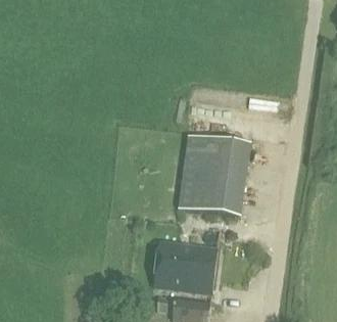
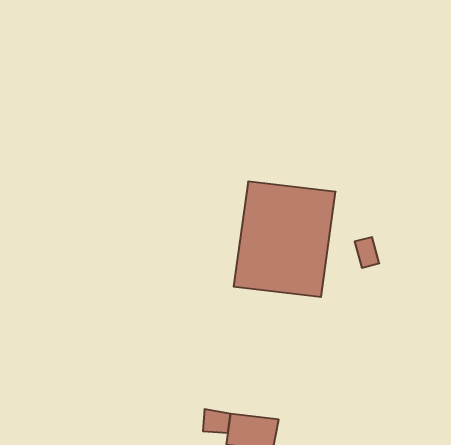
building: [155,240,218,293] -> none

